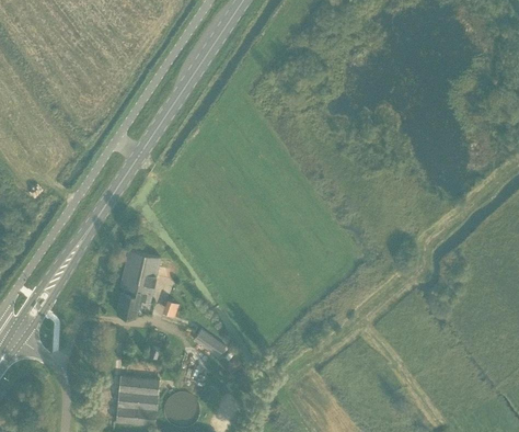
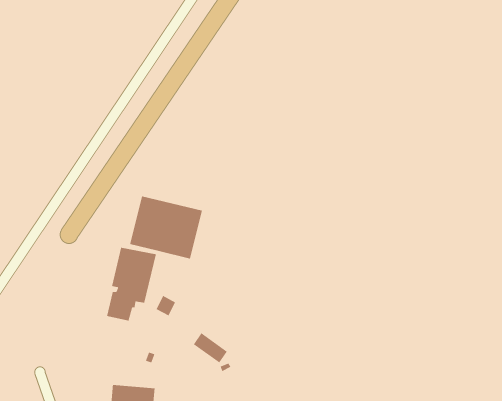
building: none -> [129,195,203,260]

